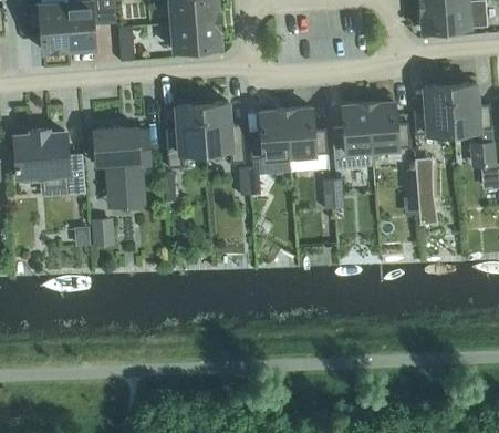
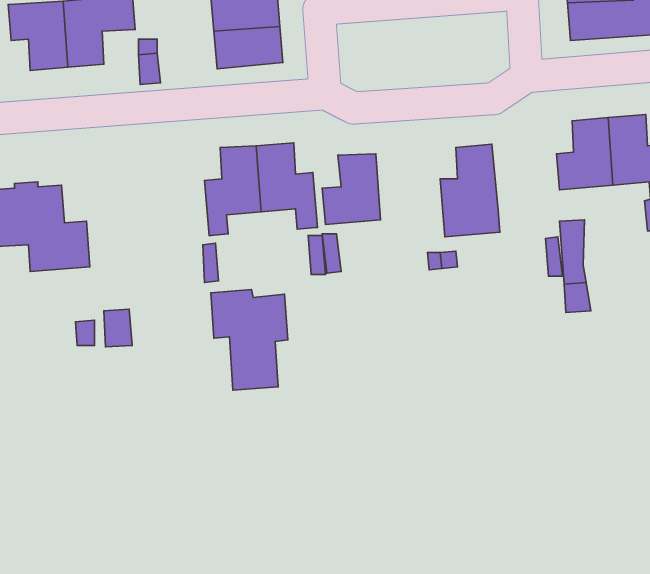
building: [367,102,409,151] -> none
building: [285,109,328,157] -> none
building: [94,128,148,199] -> [211,290,288,390]

